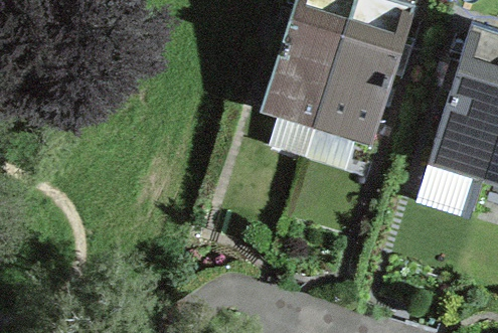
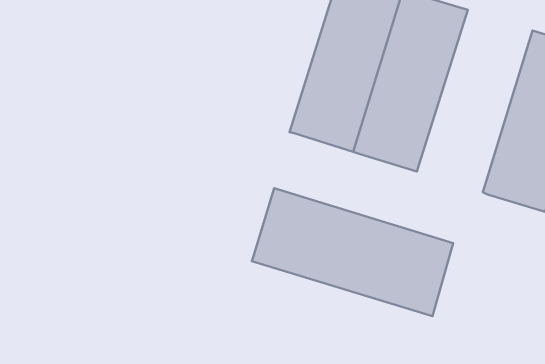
building: none -> [252,188,453,316]

